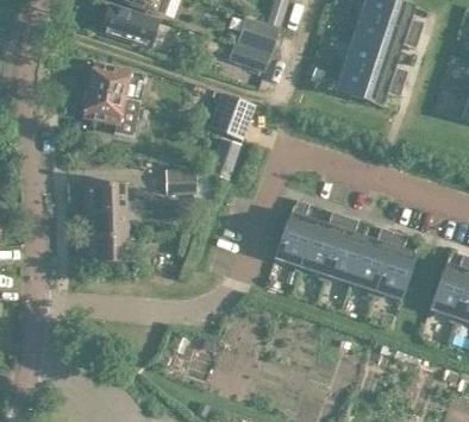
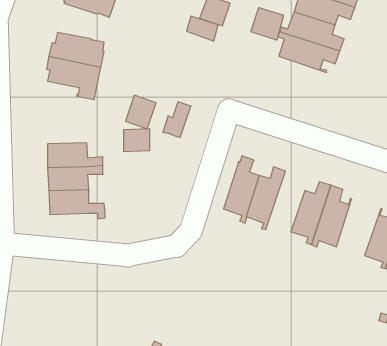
building: none -> [251,8,284,40]
building: [218,100,251,137] -> [126,95,156,129]
building: [321,215,364,282] -> none

